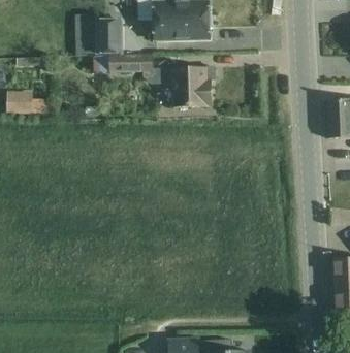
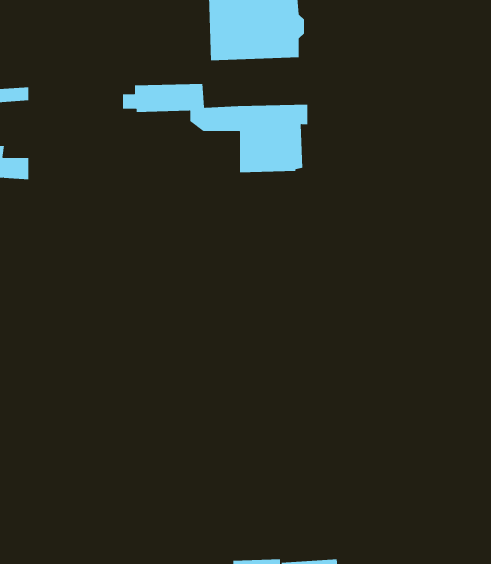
building: [74,13,123,54] -> none

